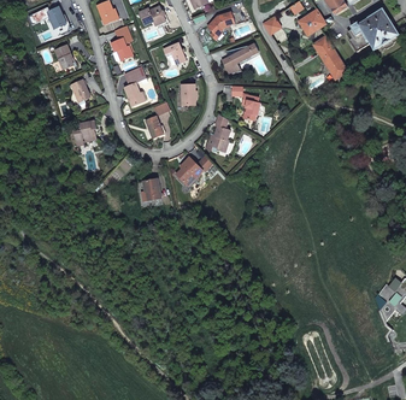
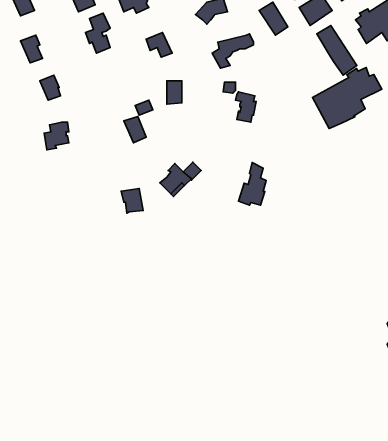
building: [124,66,147,106] -> none
building: none -> [313,67,382,129]
building: [206,114,230,152] -> [238,163,266,205]

